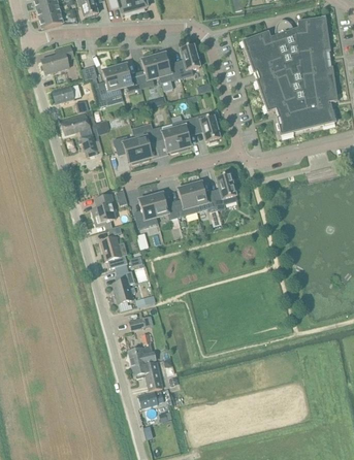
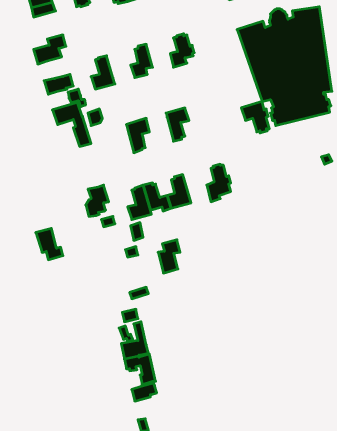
building: [153,52,180,81] -> none
building: [114,62,141,91] -> none
building: [191,110,219,141] -> [241,102,269,133]
building: [153,125,180,152] -> none
building: [114,134,140,163] -> none
building: [189,180,216,210] -> none
building: [100,235,127,266] -> [36,228,63,260]
building: [112,269,134,302] -> [158,240,180,273]

